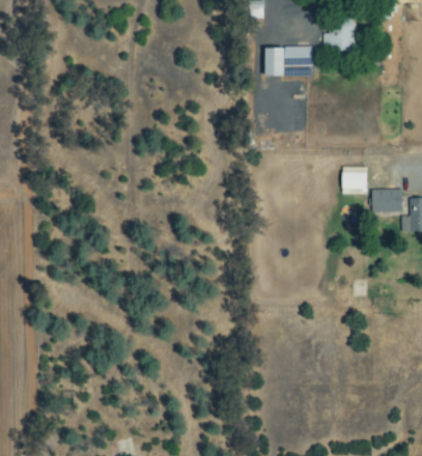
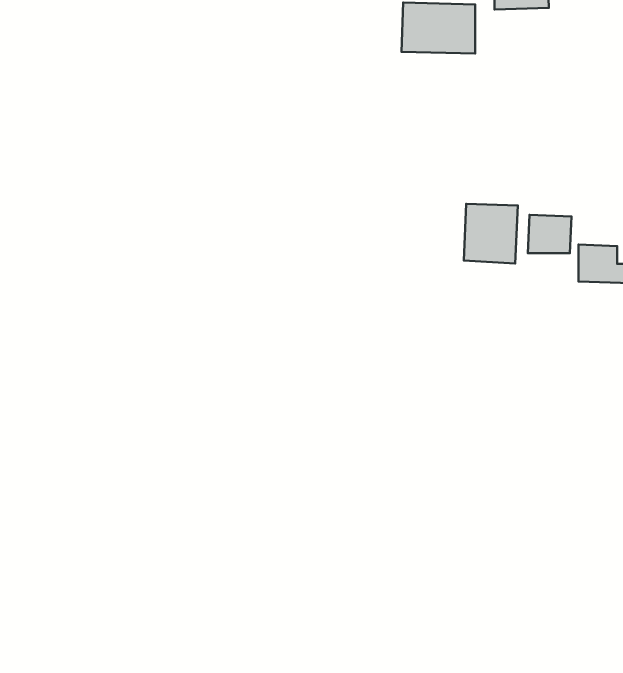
building: none -> [464,204,518,264]

